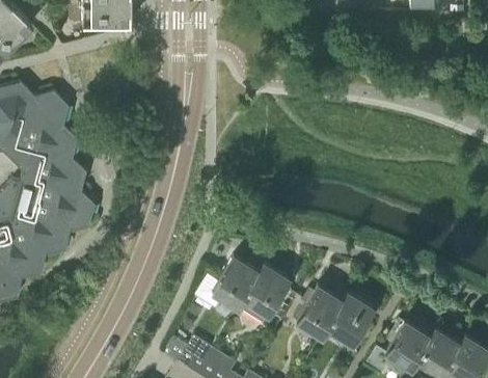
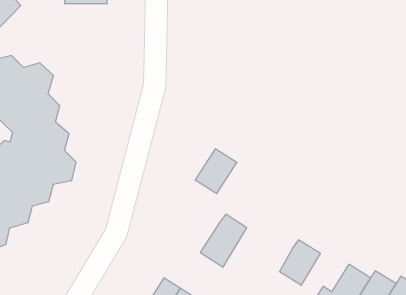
building: [211,256,259,307] -> [195,149,237,194]
building: [296,286,342,338] -> none

